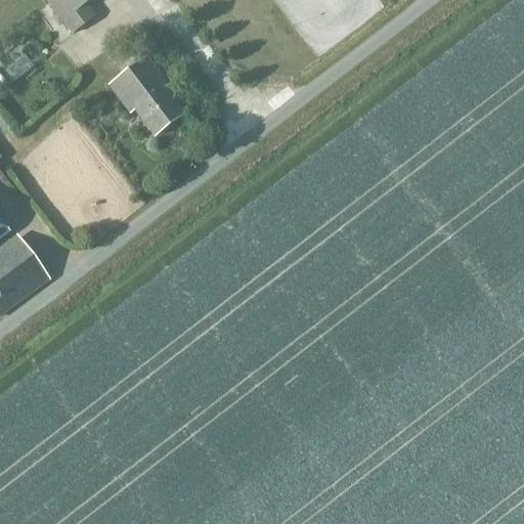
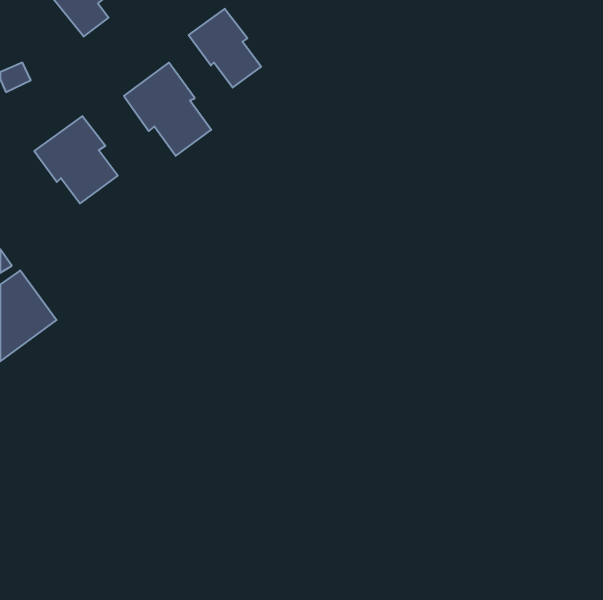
building: none -> [189,9,261,88]
building: none -> [34,116,118,203]

